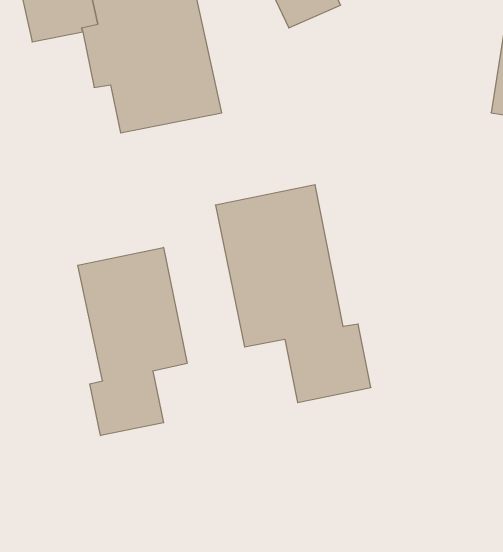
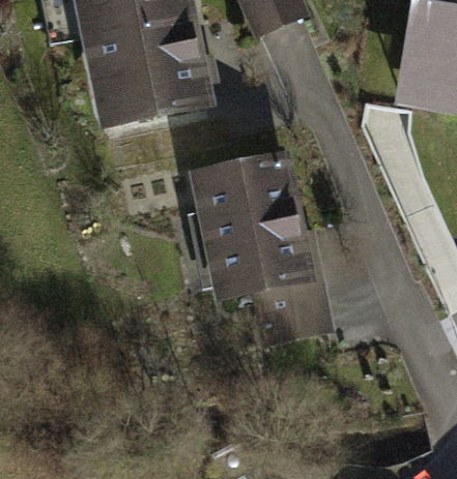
building: [78,247,187,436] -> none

